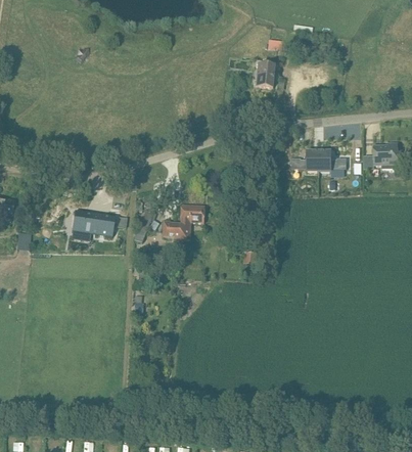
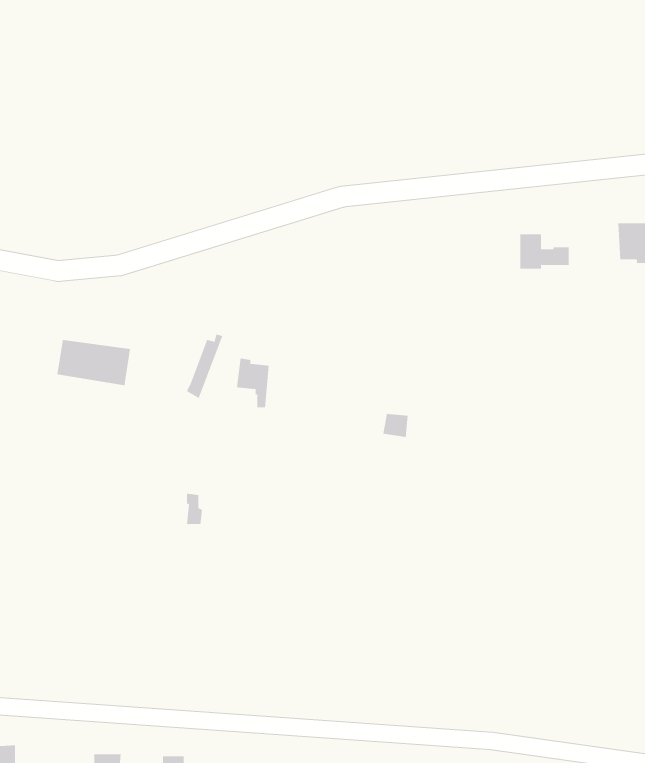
building: [256,63,275,87] -> none
building: [290,150,318,170] -> none
building: [178,204,204,246] -> none

